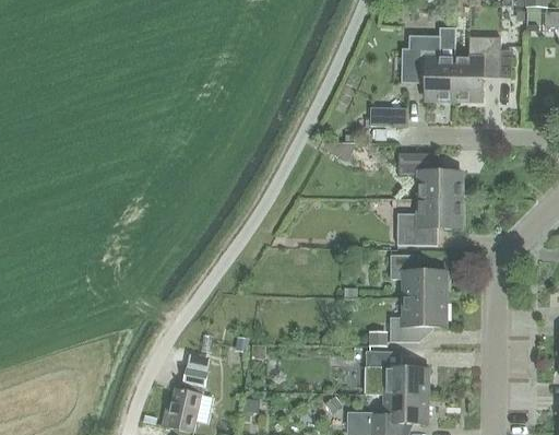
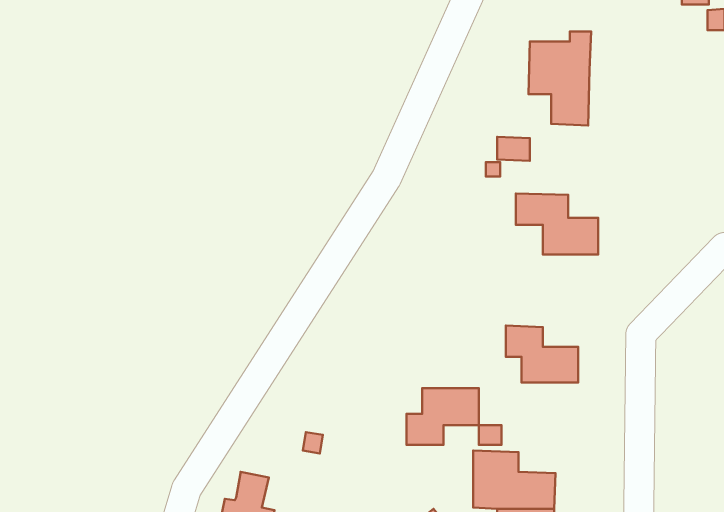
building: [453,36,511,99] -> none
building: [396,199,461,245] -> none
building: [390,297,445,341] -> [406,388,479,445]

